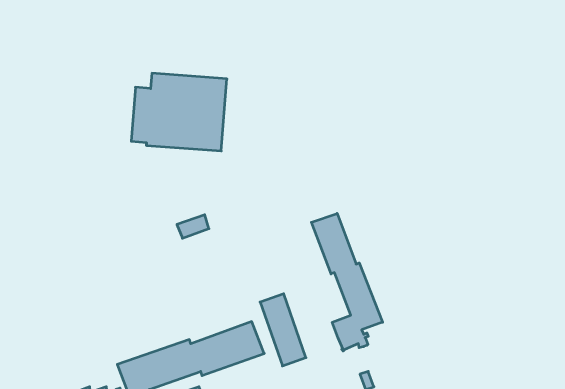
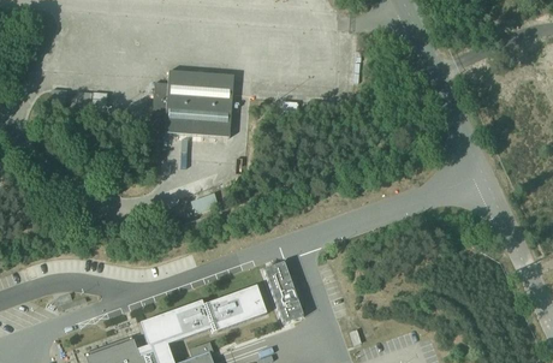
building: [311,213,383,351] -> none

